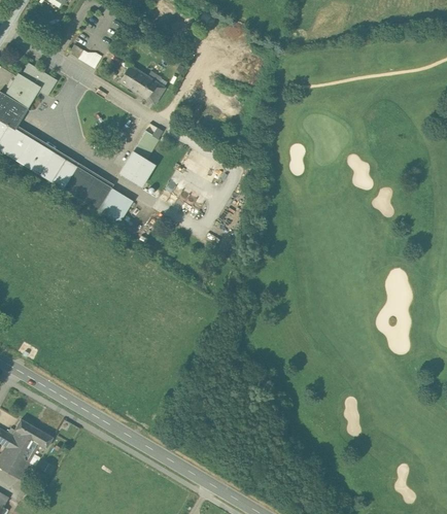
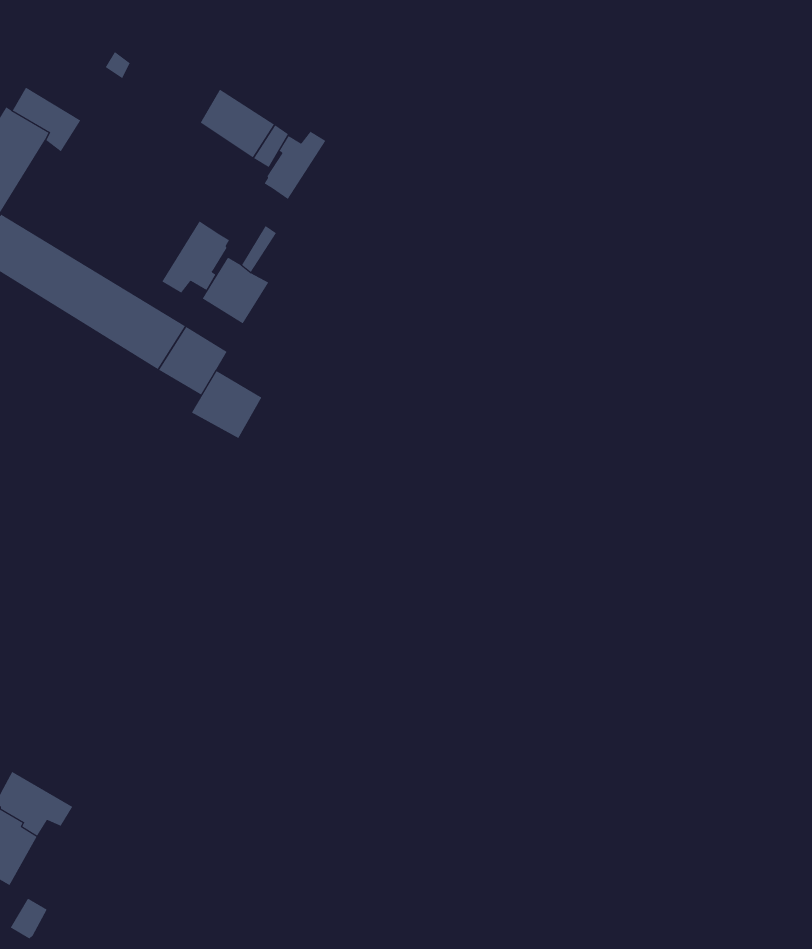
building: none -> [264,131,326,200]
building: none -> [161,220,230,294]
building: none -> [191,370,262,439]

